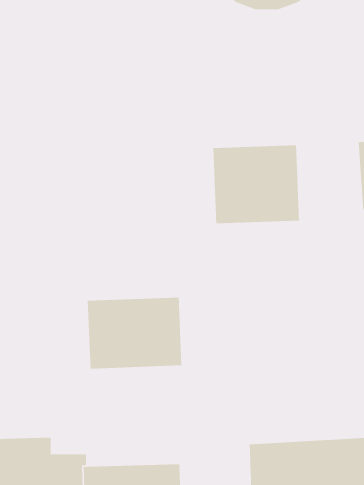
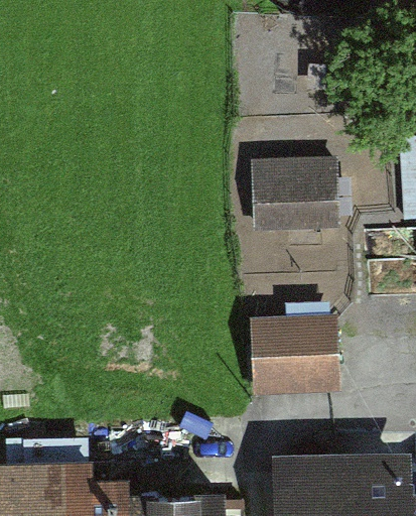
building: [87,297,182,369] -> none
building: none -> [255,316,337,394]

